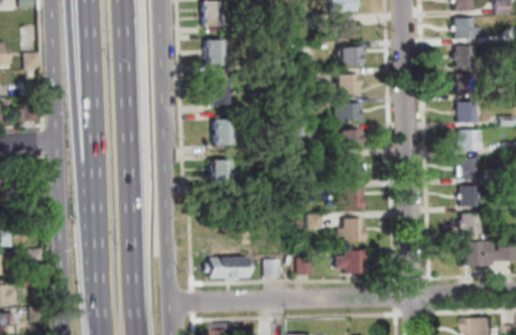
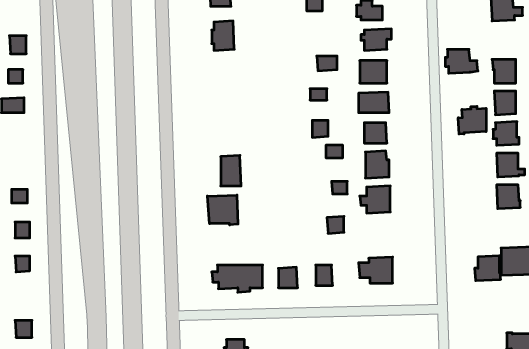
building: [452,44,481,66] -> [445,49,478,73]
building: [209,78,227,104] -> none
building: none -> [458,106,486,134]
building: [214,118,239,143] -> none
building: none -> [207,195,238,225]
building: [457,212,480,234] -> [475,256,501,281]
building: [337,217,365,241] -> none

